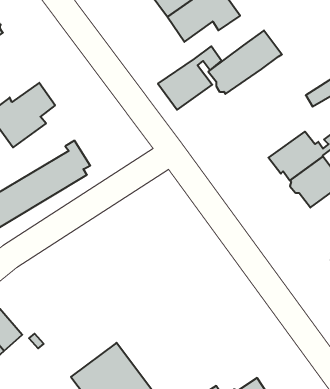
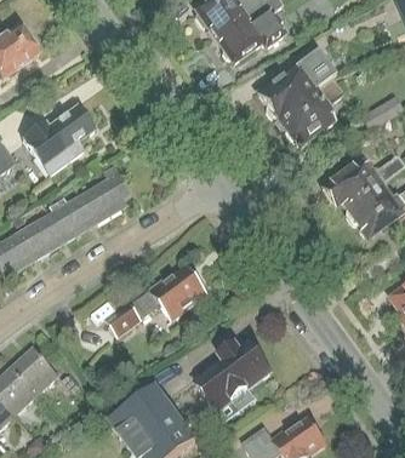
building: [158,46,221,110] -> [275,78,343,145]
building: none -> [108,267,206,336]
building: none -> [195,342,270,411]

